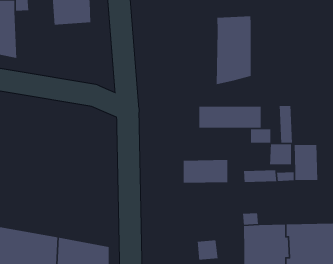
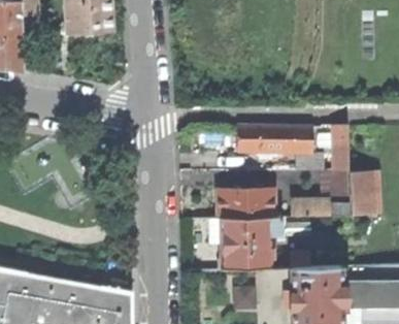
building: [216,15,251,85] -> none
building: none -> [209,217,281,268]

